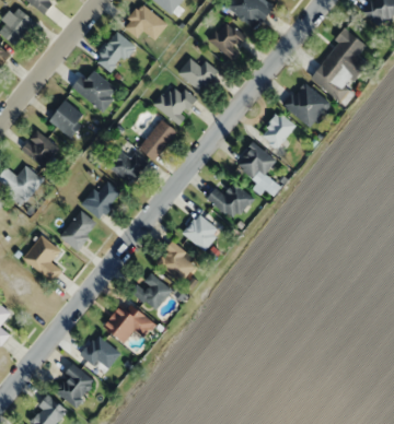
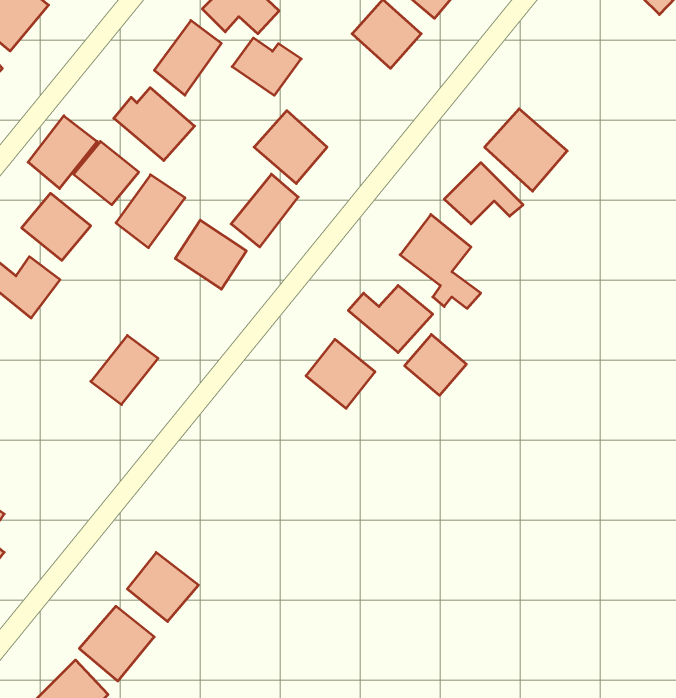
building: [310,30,366,104] -> none
building: [177,58,217,91] -> [232,38,301,95]
building: none -> [28,116,97,189]
building: [82,178,121,220] -> [116,175,185,248]
building: none -> [405,334,466,395]
building: [23,236,61,282] -> none
building: [155,242,198,283] -> none
building: [131,271,172,311] -> none
building: [103,299,154,343] -> none

